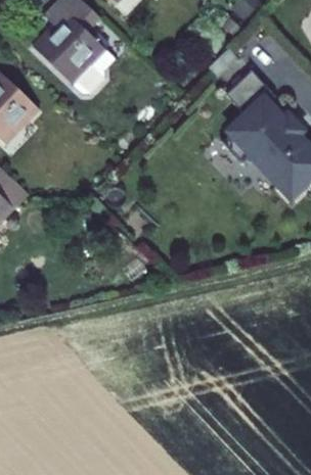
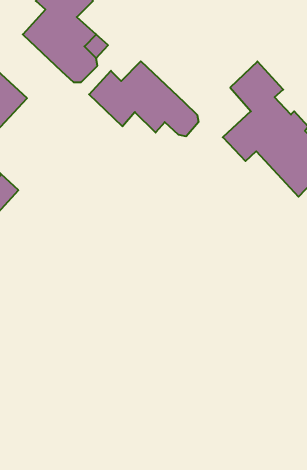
building: none -> [89,61,199,136]

